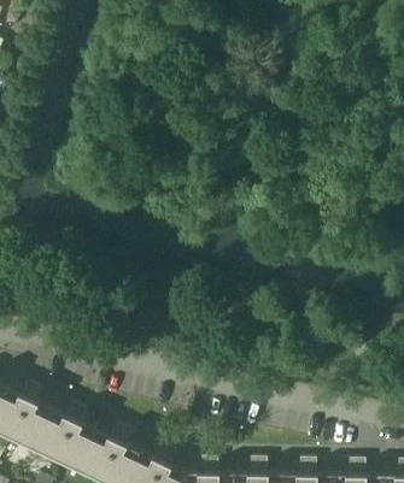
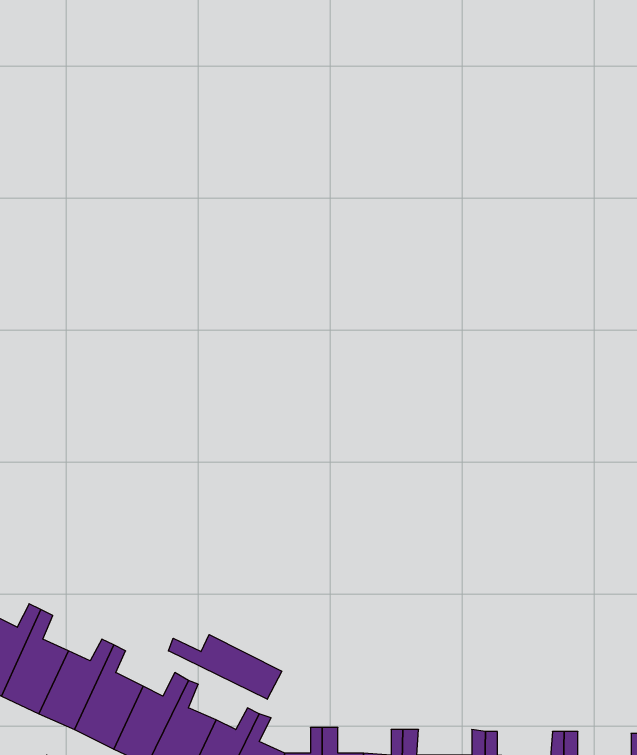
building: none -> [168,635,282,699]

